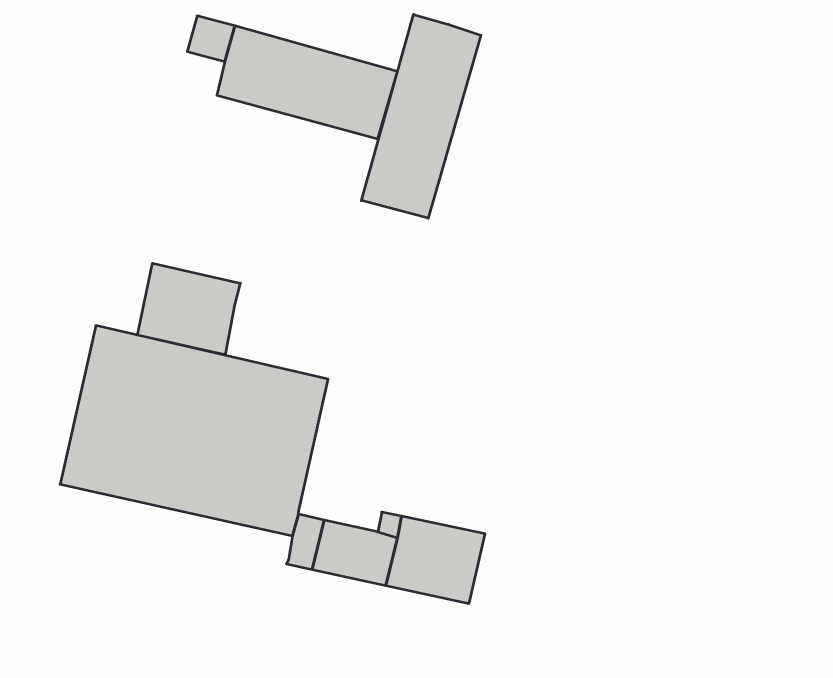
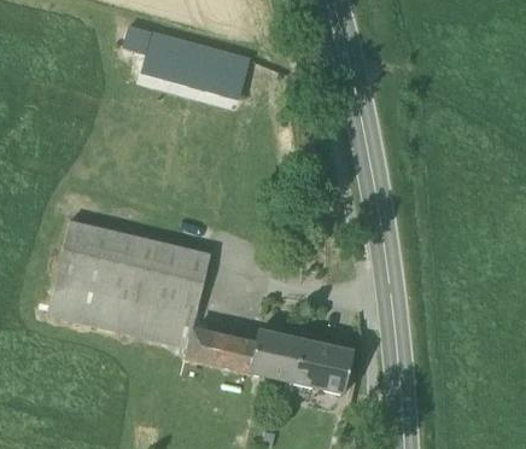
building: [361,14,481,218] -> none
building: [137,263,240,355] -> none
building: none -> [296,342,355,396]

